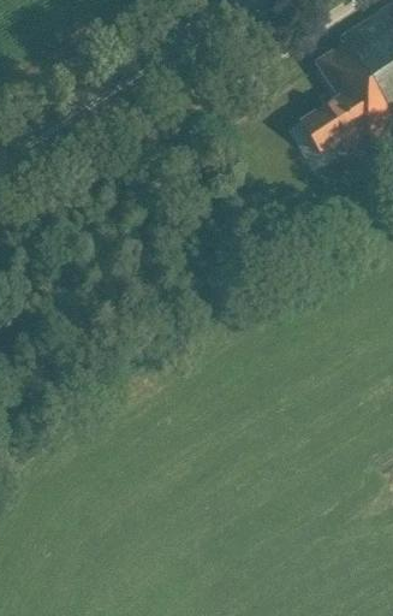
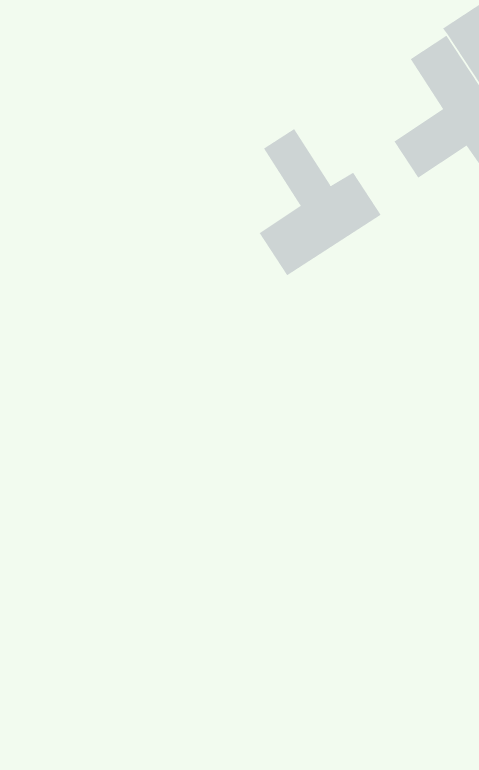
building: none -> [259,128,381,276]

